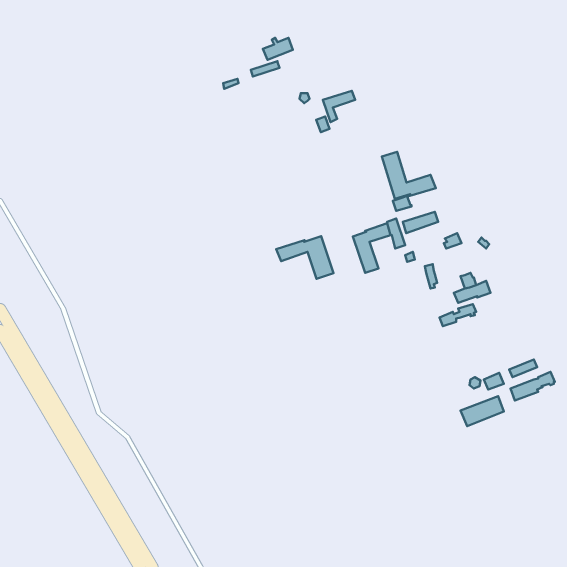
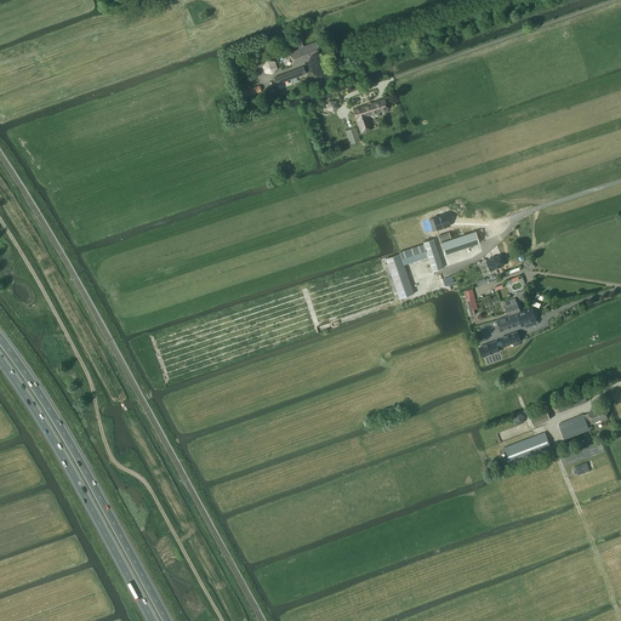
building: [382,152,436,199] -> none
building: [276,236,334,279] -> none

